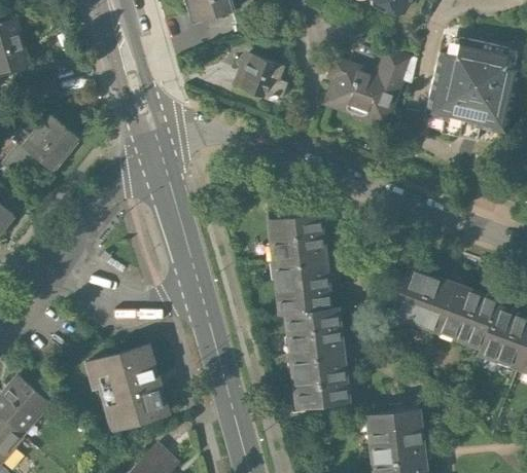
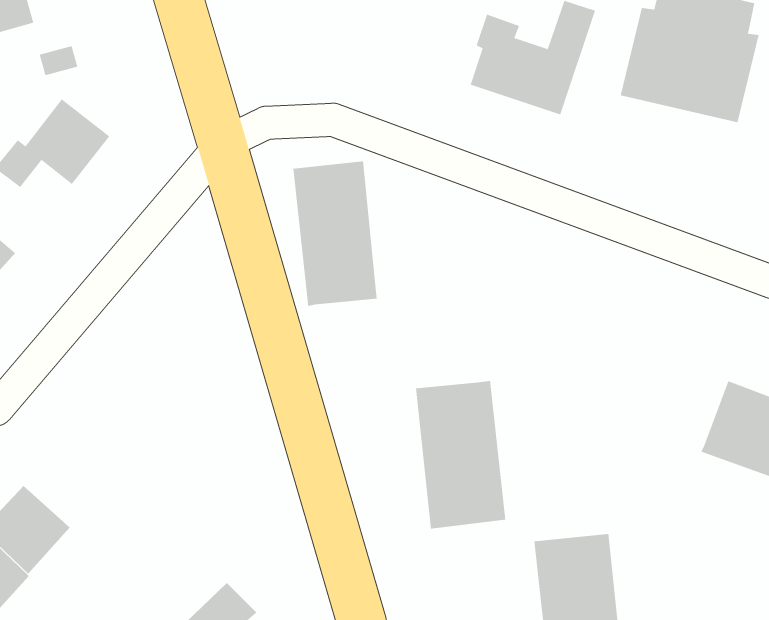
building: [235,53,285,104] -> none
building: [270,214,327,313] -> [292,161,377,306]
building: [392,267,499,351] -> none
building: [89,345,169,428] -> none

